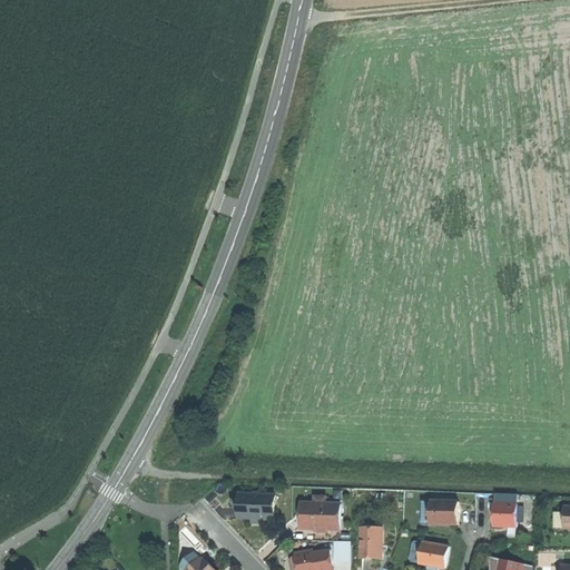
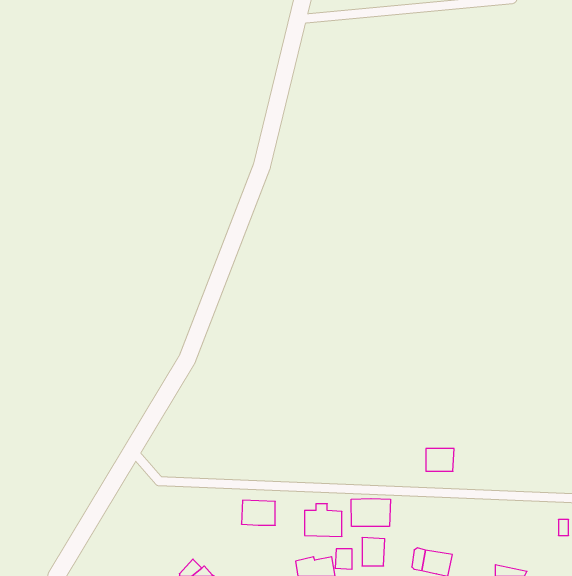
building: none -> [351,499,390,526]
building: [491,493,514,527] -> none
building: [428,501,455,523] -> [426,449,454,471]

